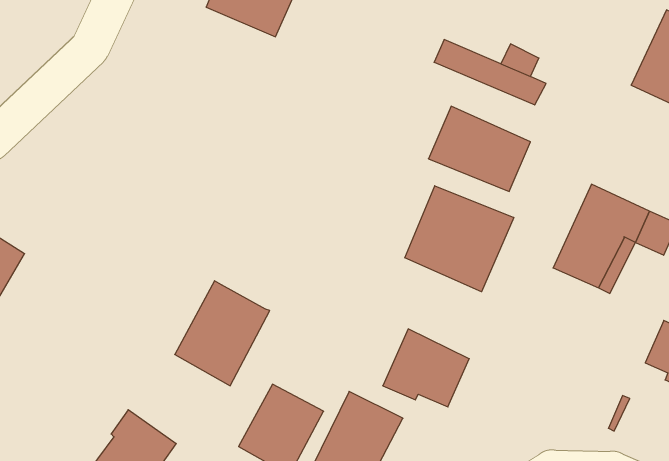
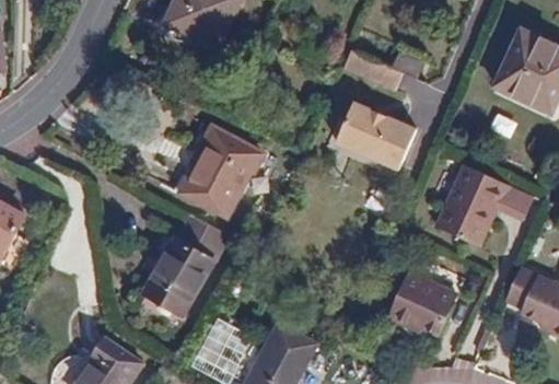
building: none -> [177,128,261,220]
building: [405,186,514,292] -> none
building: none -> [177,216,224,259]
building: [383,329,469,407] -> [387,272,454,333]

